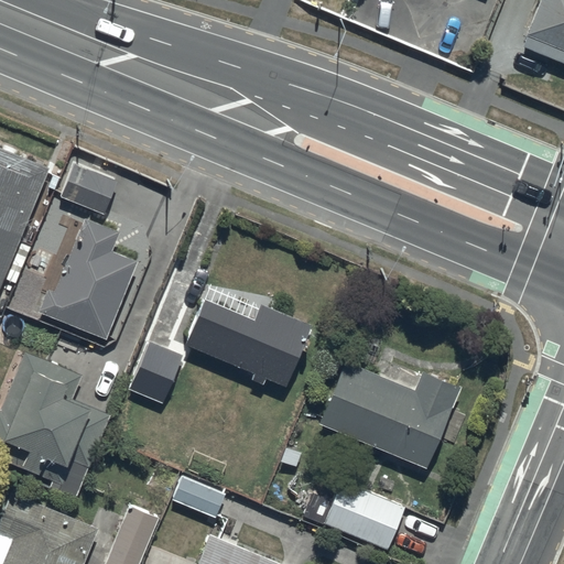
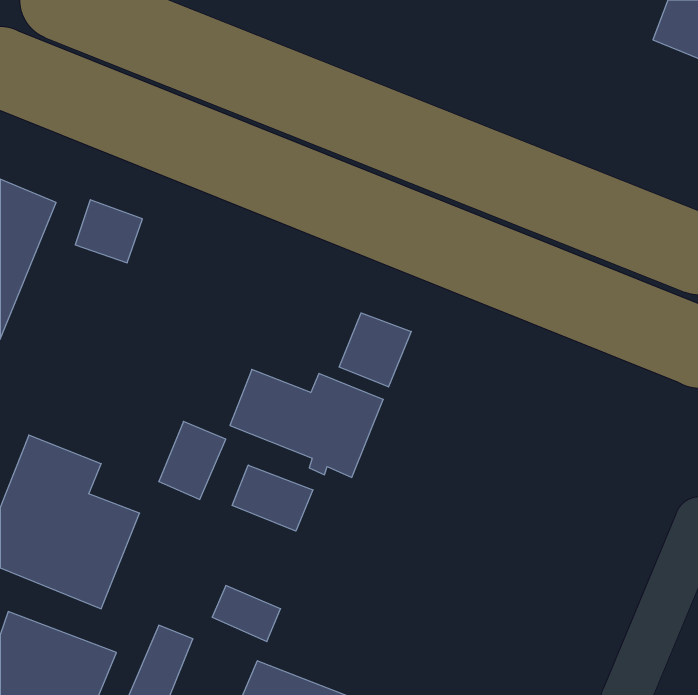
building: [39,219,135,338] -> none
building: none -> [339,313,411,387]
building: [318,362,457,469] -> none
building: none -> [232,465,313,531]
building: [323,481,404,550] -> none

